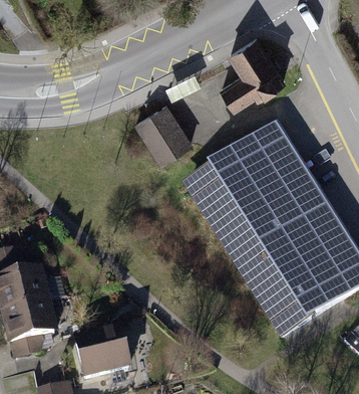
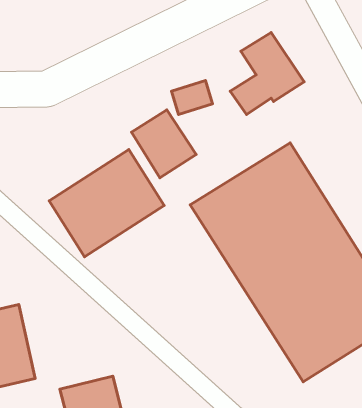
building: none -> [49,150,164,257]

